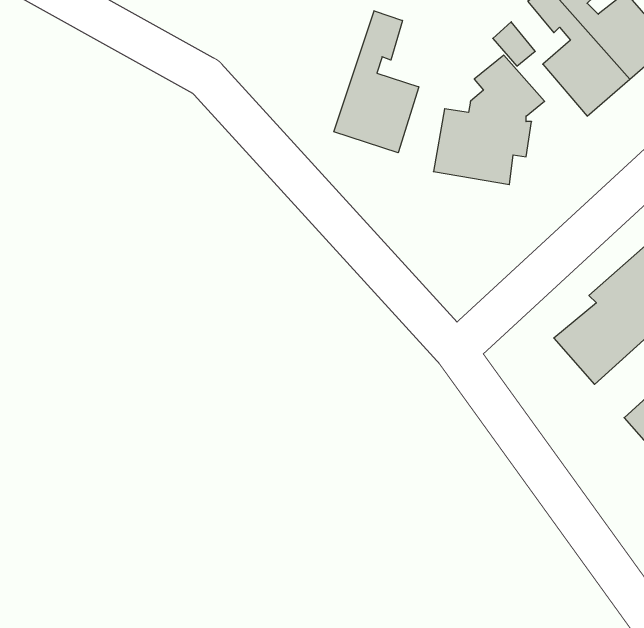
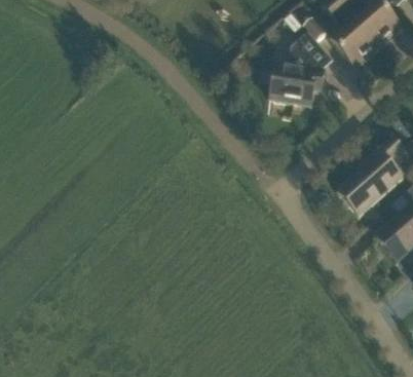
building: [334,11,419,153] -> none

